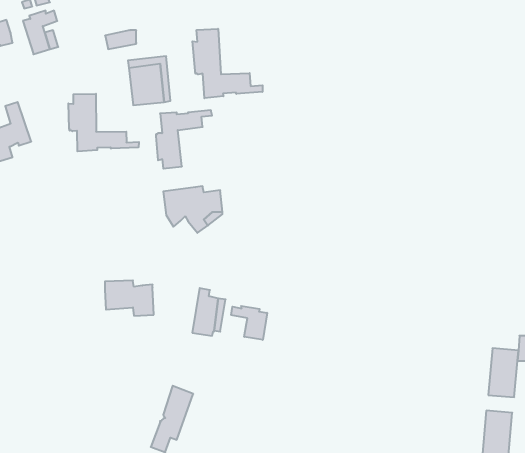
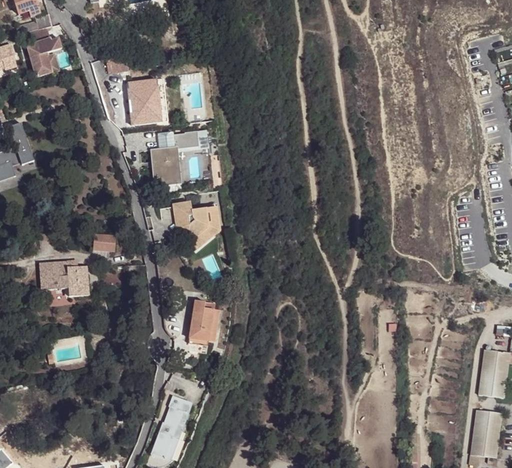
building: [192,29,263,98] -> none
building: [68,94,139,151] -> none
building: none -> [93,232,116,251]
building: [105,280,154,316] -> [40,261,87,295]
building: [231,306,267,340] -> none

